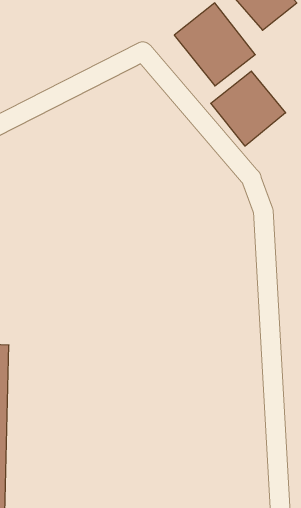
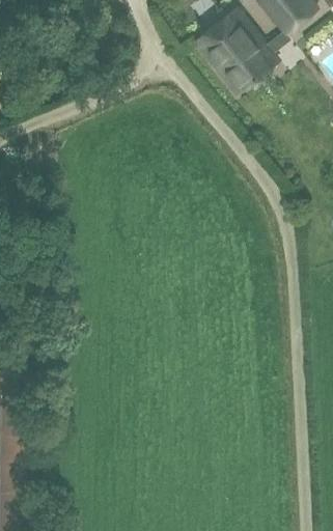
building: [211,71,286,146] -> none

